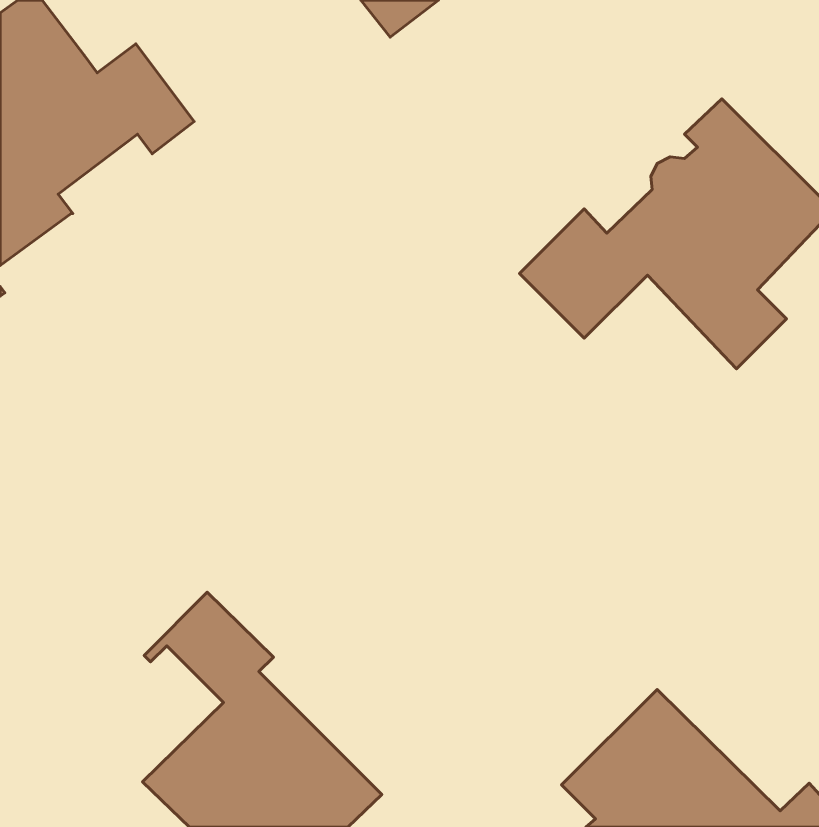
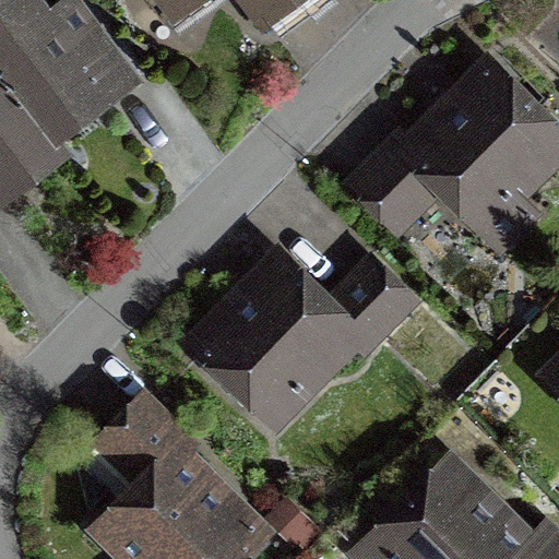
building: none -> [205,259,414,403]

